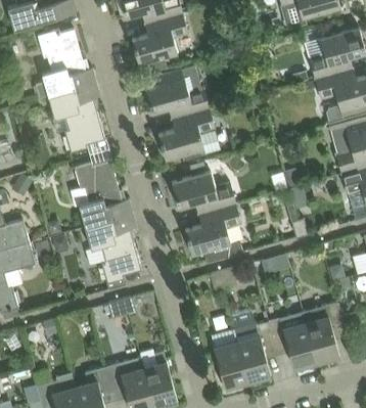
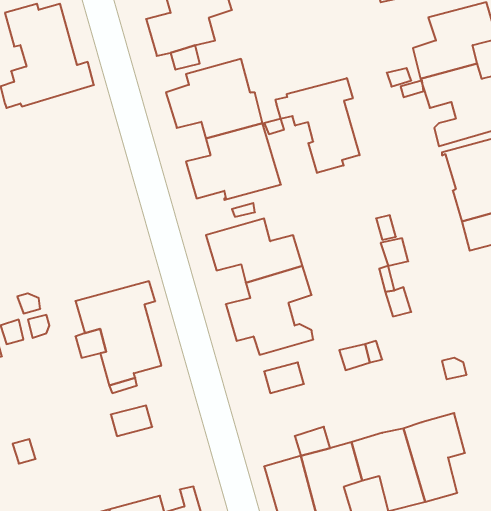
building: none -> [276,78,360,173]
building: [49,84,105,153] -> none
building: [72,161,134,228] -> none

